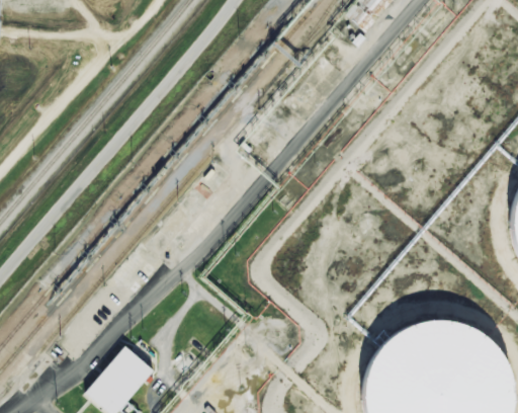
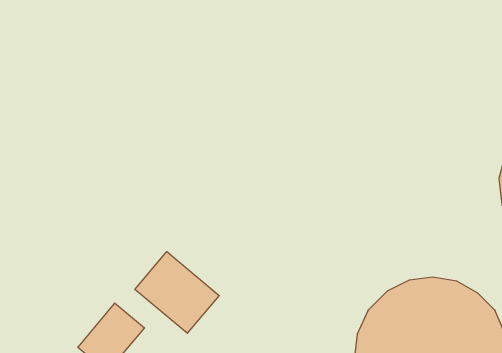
building: none -> [135,252,219,333]

